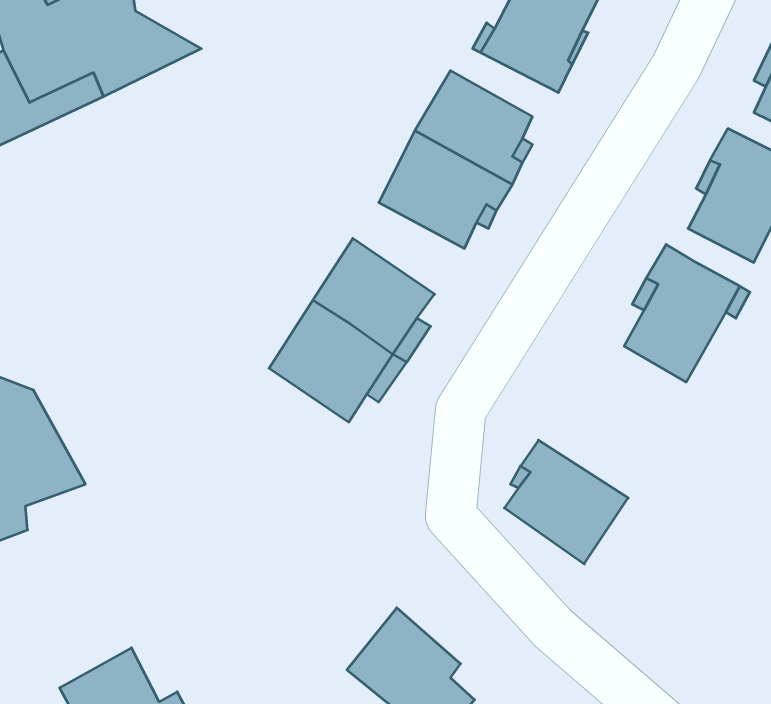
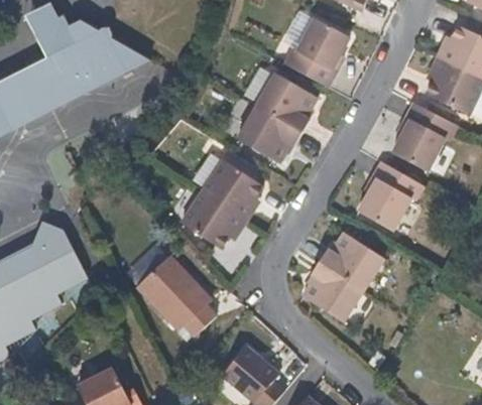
building: none -> [318,230,383,288]
building: none -> [136,252,219,336]

